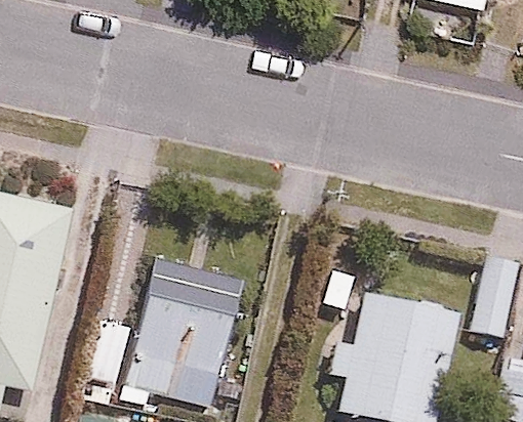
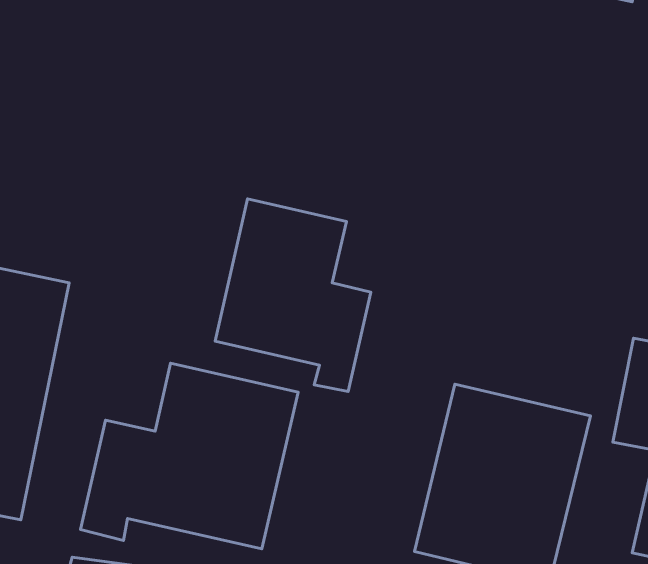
building: none -> [215,199,371,391]

